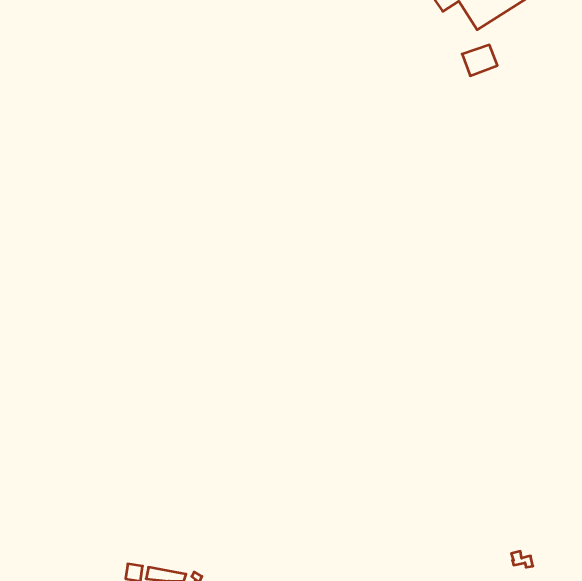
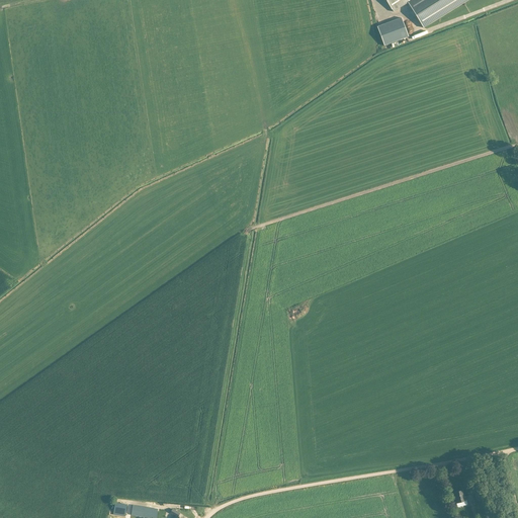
building: [462,45,497,76] -> [376,16,408,44]

